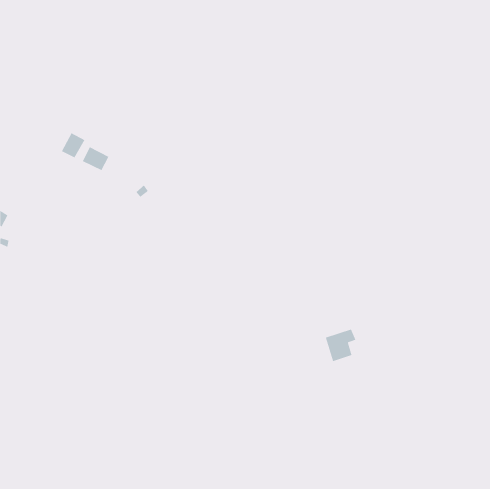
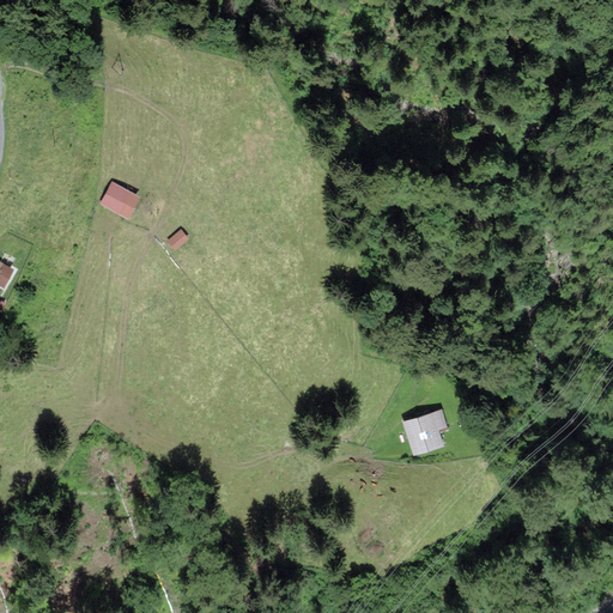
building: [61,132,85,159] -> none

